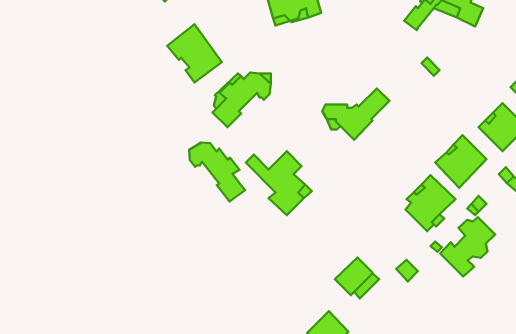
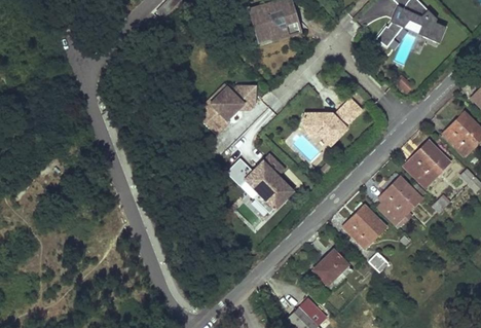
building: [167,24,222,82] -> none
building: [189,142,245,201] -> none
building: none -> [342,206,385,249]
building: [440,217,495,276] -> none

